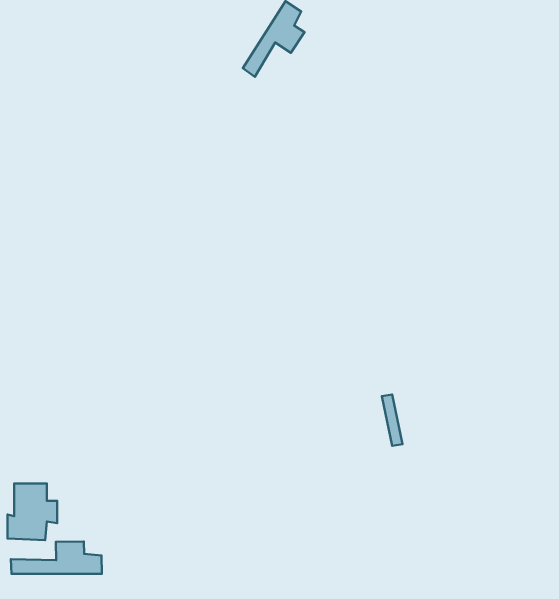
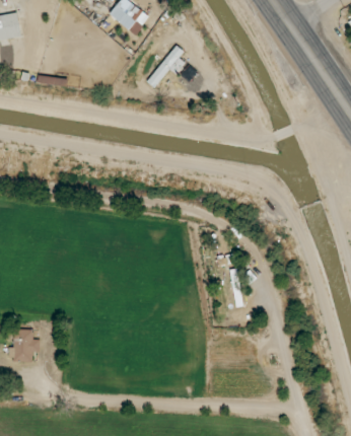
building: [11,541,102,574] -> none

